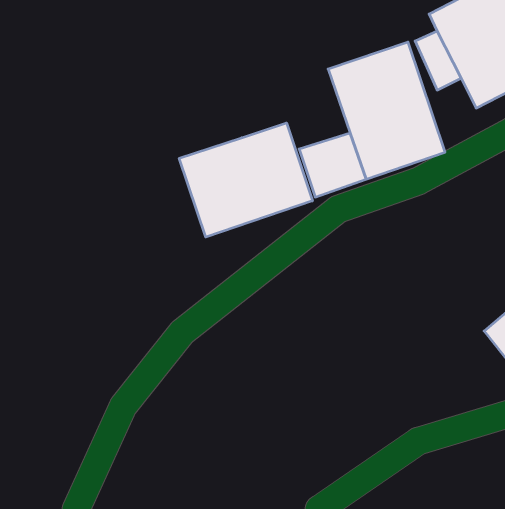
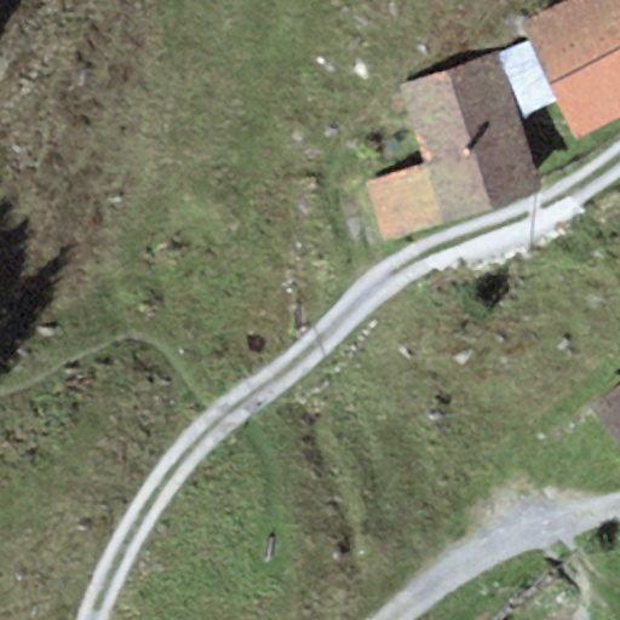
building: [179,123,312,237] -> none

